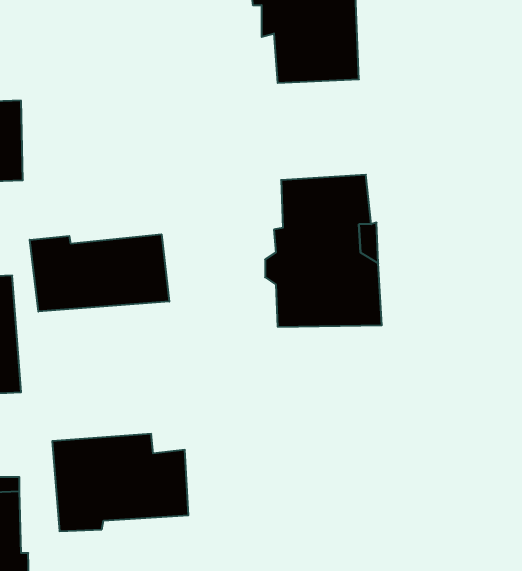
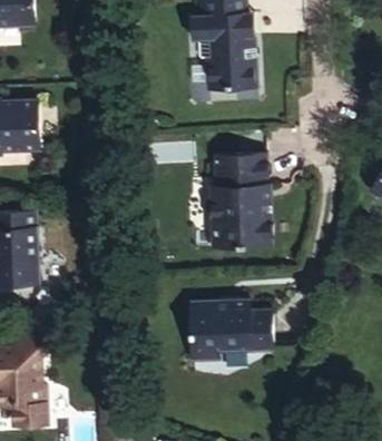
building: [30,234,169,312] -> none
building: [52,434,188,531] -> [186,294,272,355]

